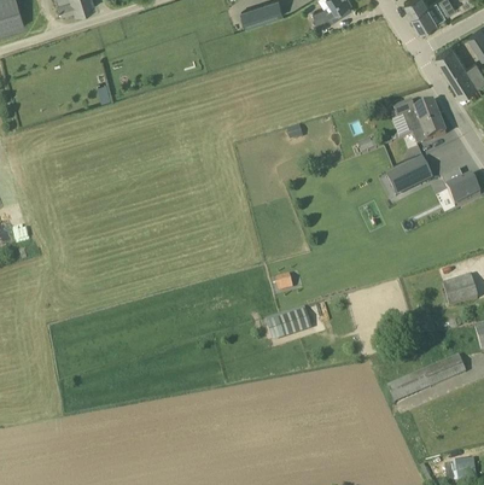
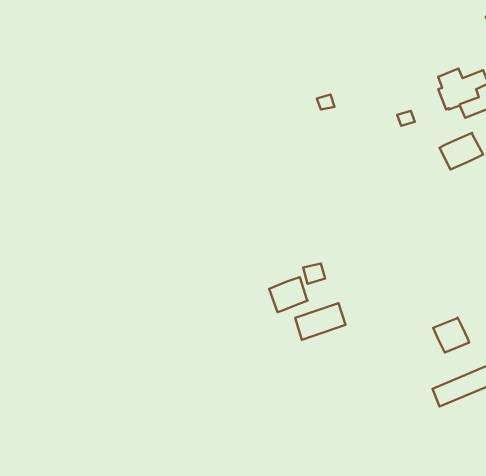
building: none -> [269,277,308,312]
building: none -> [433,318,469,352]

